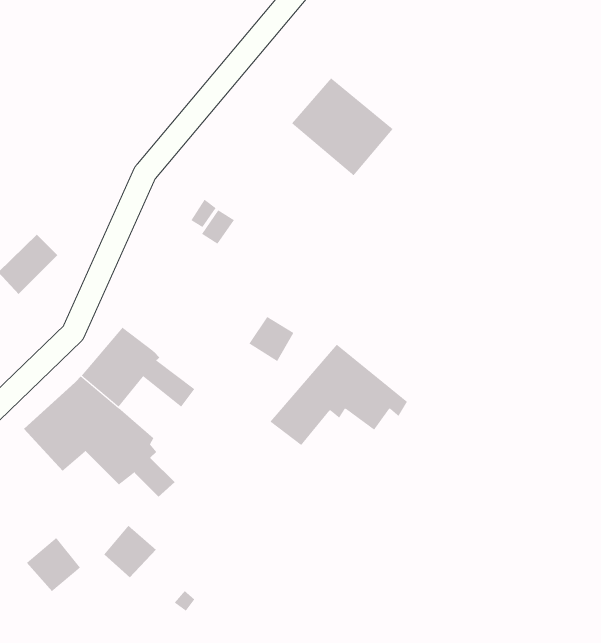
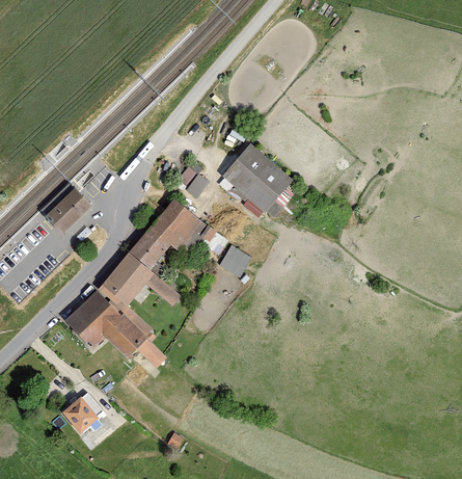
building: [291,77,393,176] -> [221,144,291,212]
building: [269,344,408,446] -> [130,198,224,268]
building: [104,525,157,578] -> none

